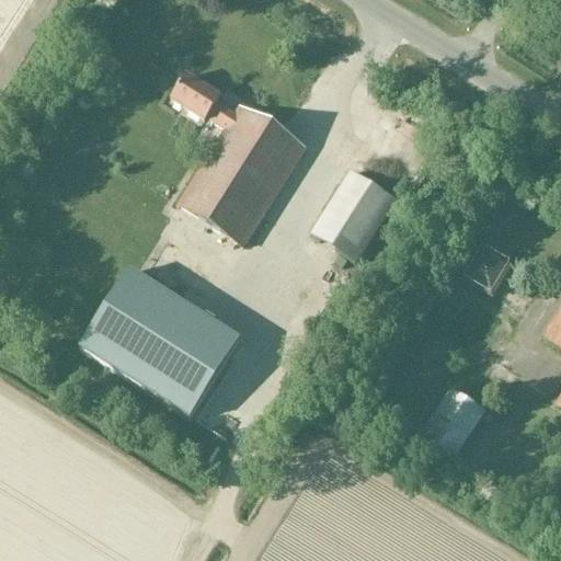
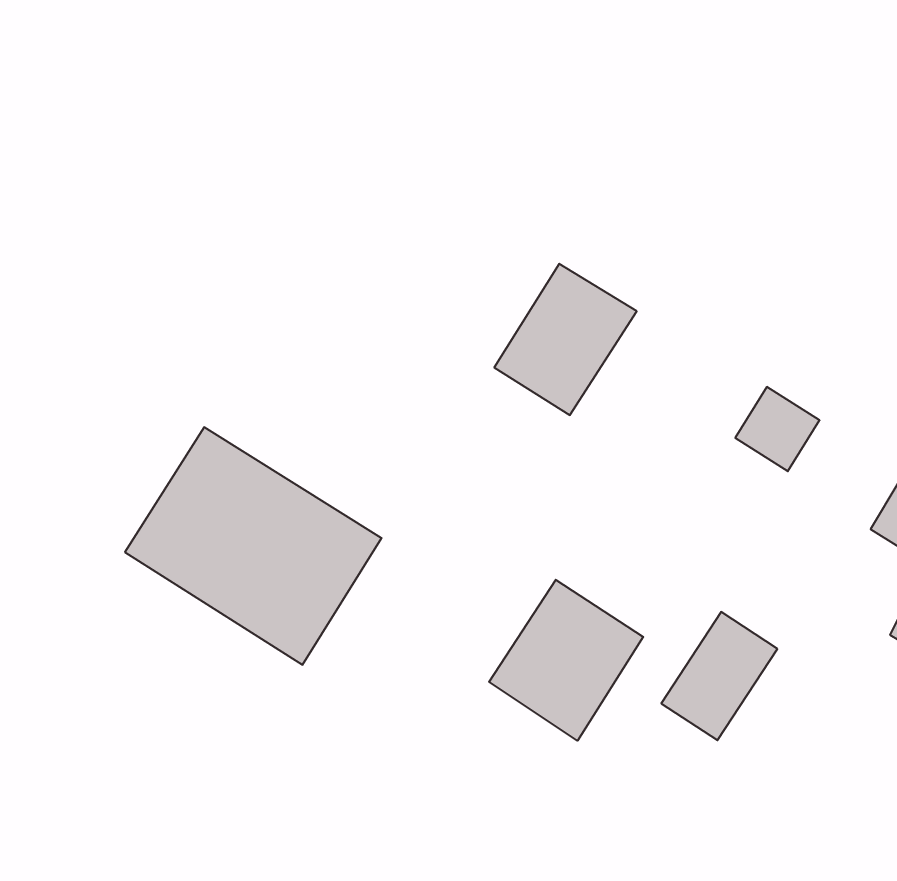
building: [172,72,307,244] -> none
building: none -> [489,580,643,741]

